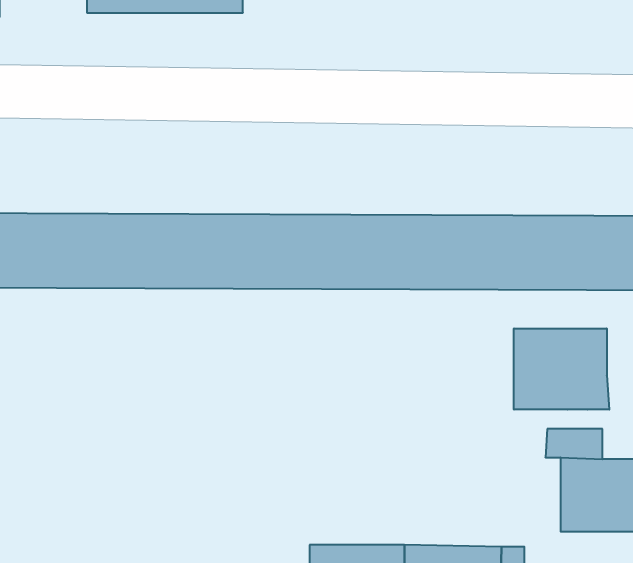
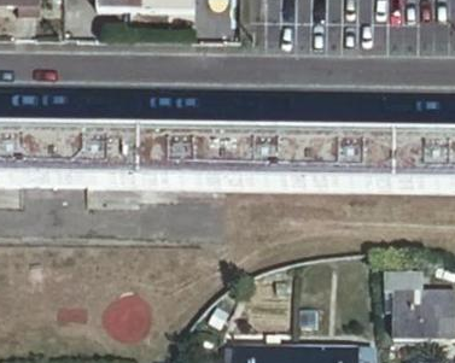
building: [514,328,609,410] -> none

